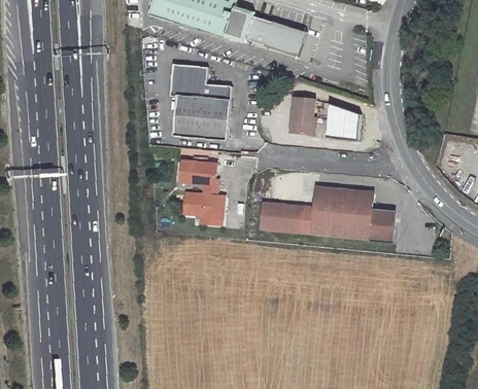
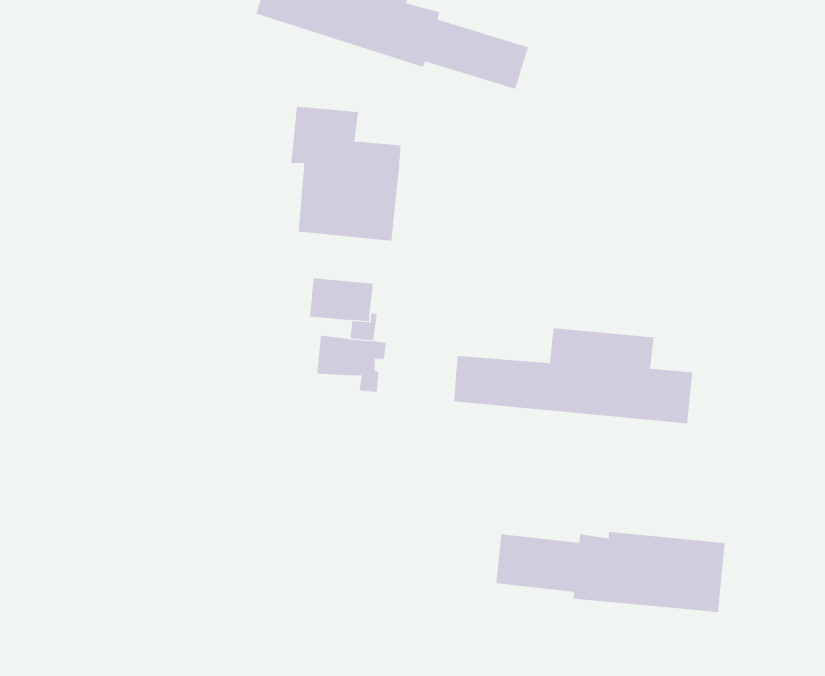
building: [288,97,315,134] -> none
building: [327,103,360,140] -> none
building: none -> [496,531,725,613]

